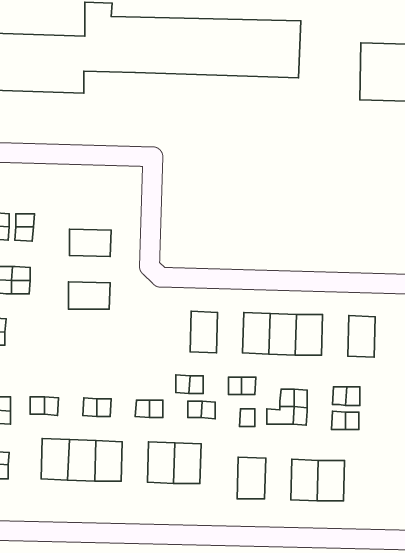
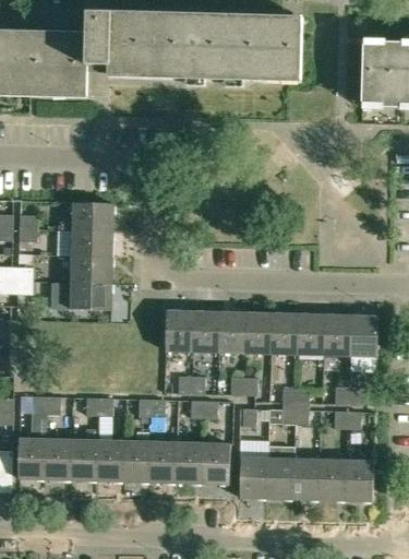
building: none -> [73,202,115,230]
building: none -> [72,255,113,283]
building: none -> [166,310,194,352]
building: none -> [219,312,246,353]
building: none -> [324,314,351,356]
building: none -> [19,438,46,478]
building: none -> [124,441,152,481]
building: none -> [203,443,230,484]
building: none -> [267,457,294,499]
building: none -> [346,460,374,501]

